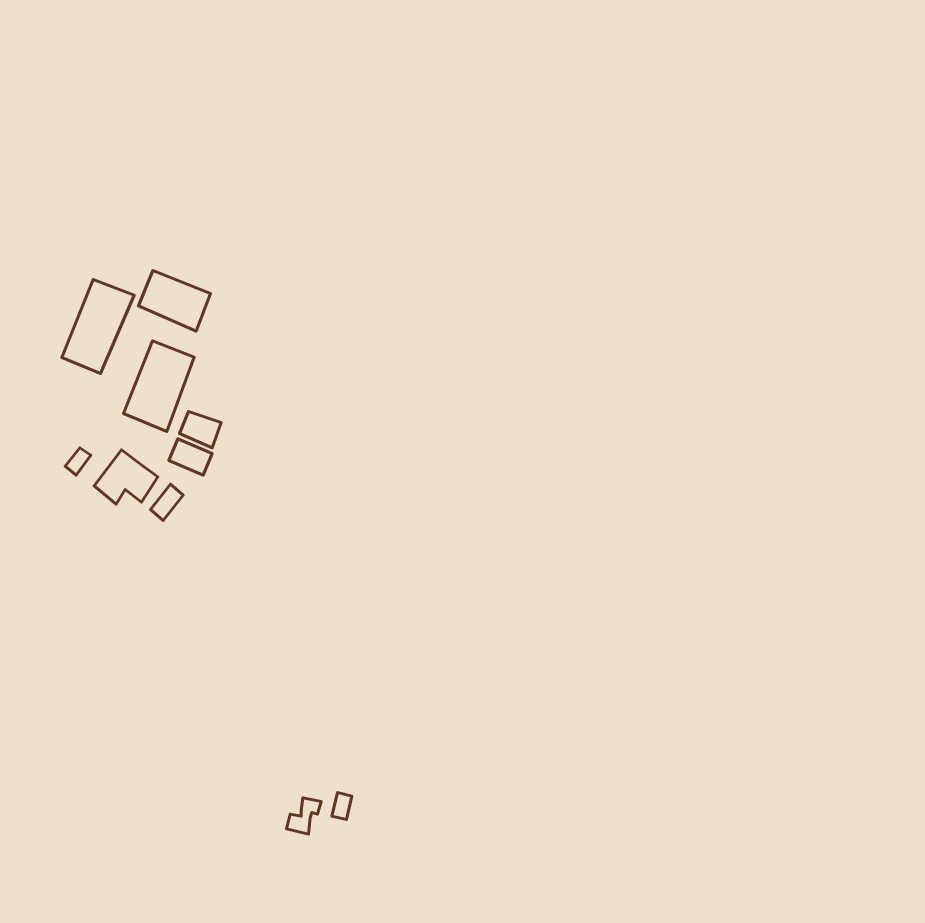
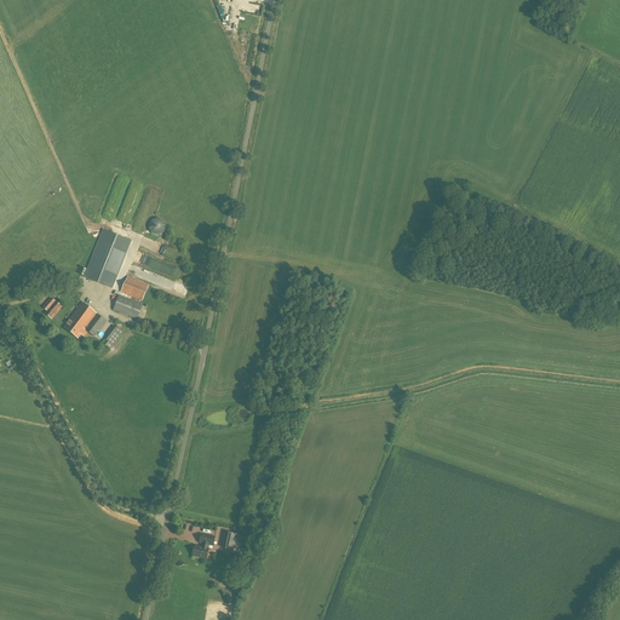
building: [138,270,211,331] -> none
building: [62,280,134,373] -> none

